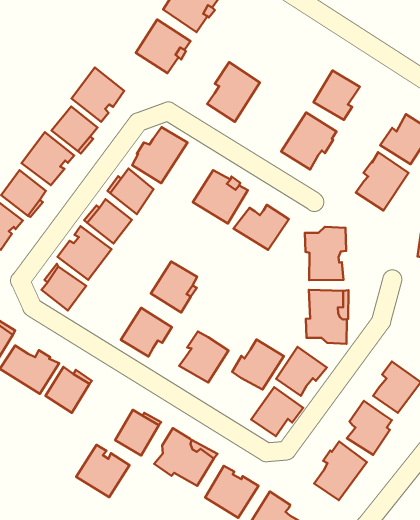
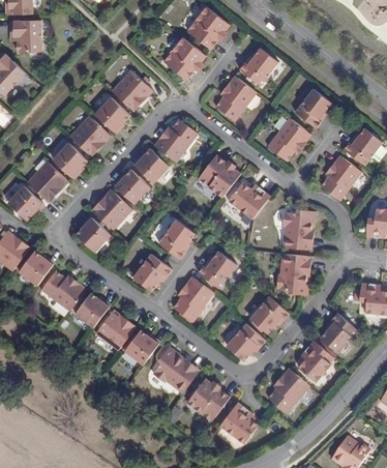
building: none -> [239,47,277,83]
building: [232,339,284,390] -> [197,247,237,286]
building: [76,445,130,497] -> [92,311,133,351]

